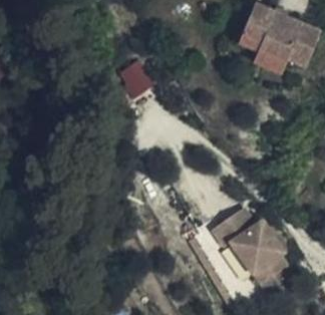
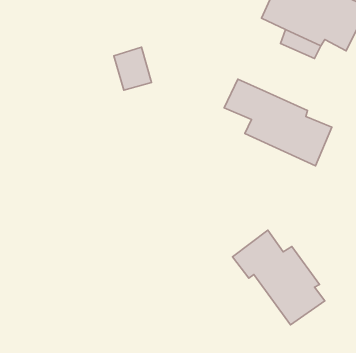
building: none -> [224,79,332,166]

